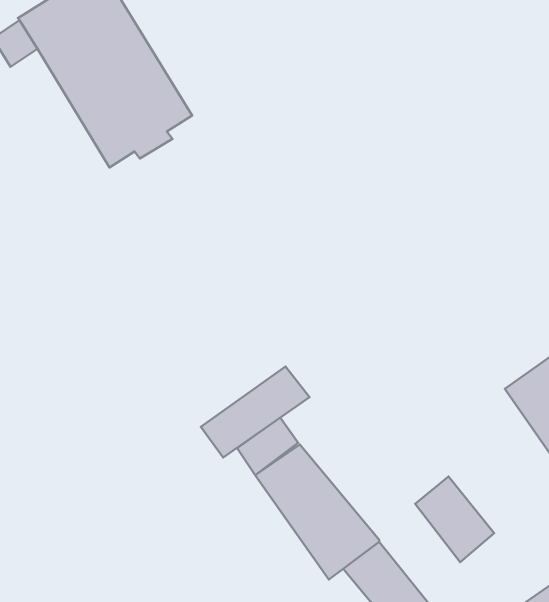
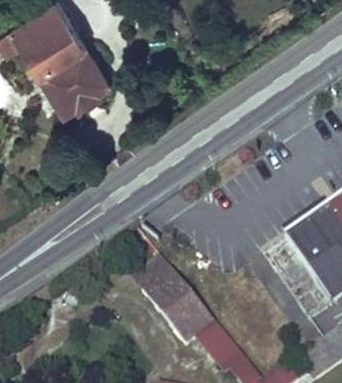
building: [201,367,310,457] -> none
building: [415,477,494,562] -> none

